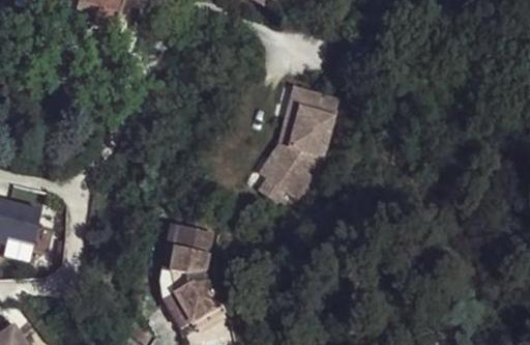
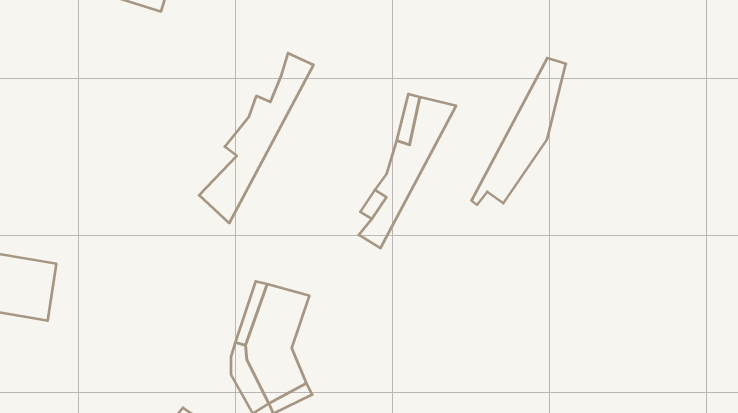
building: none -> [199,53,313,223]
building: [271,94,338,199] -> [471,58,566,205]

